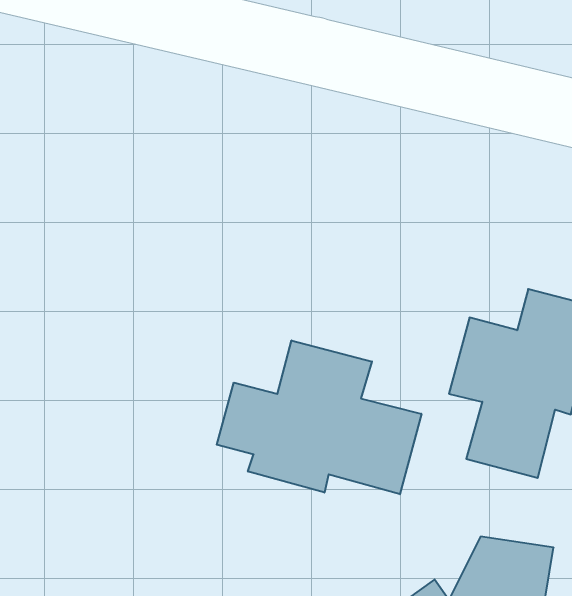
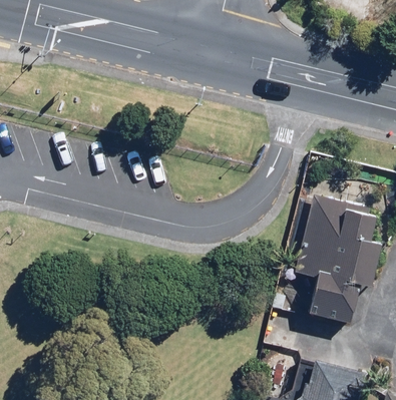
building: [217,340,421,494] -> none

